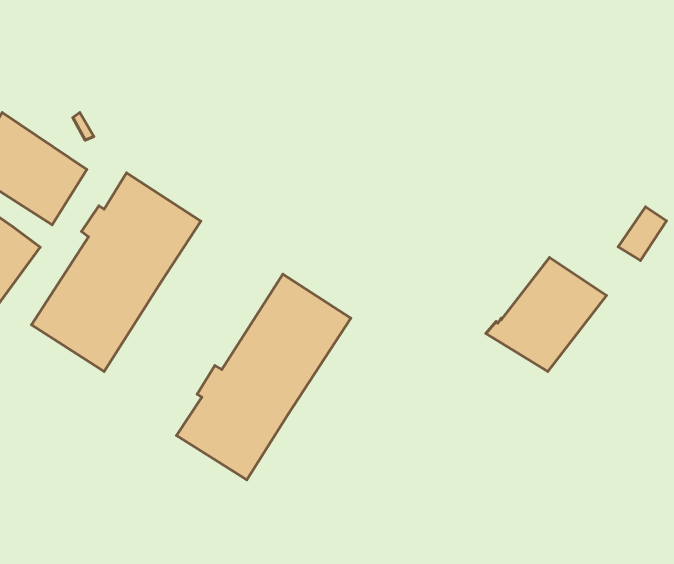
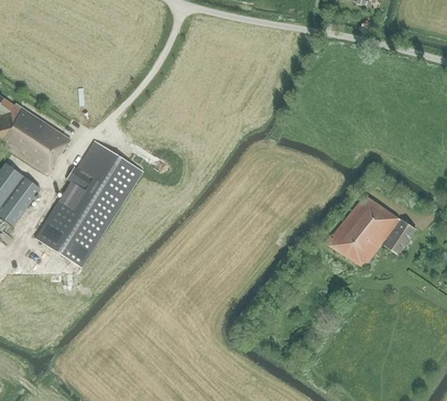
building: [618,207,666,261] -> [384,219,415,253]
building: [177,274,351,480] -> none

